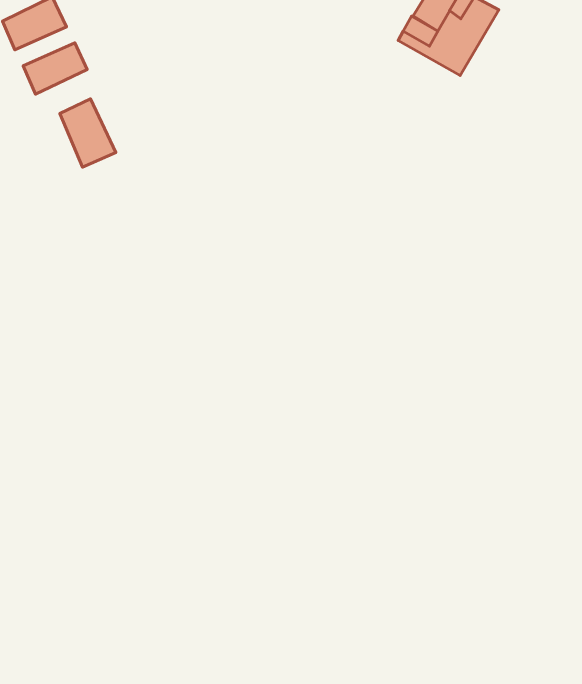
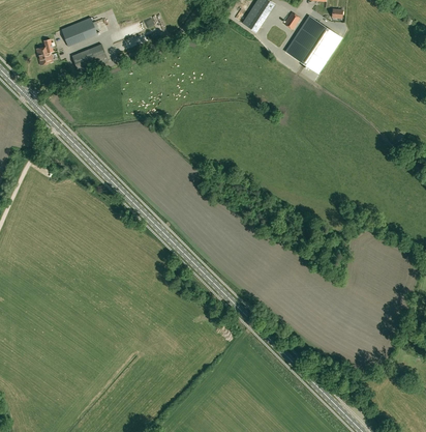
building: [60,99,116,167] -> none

